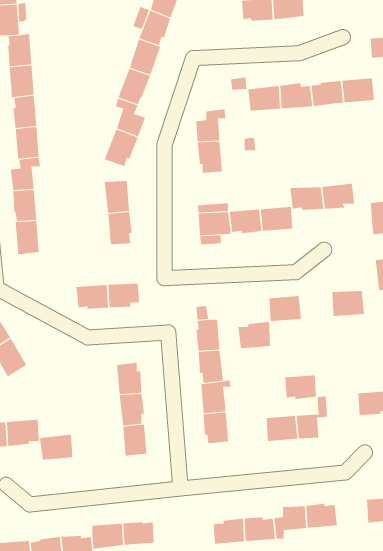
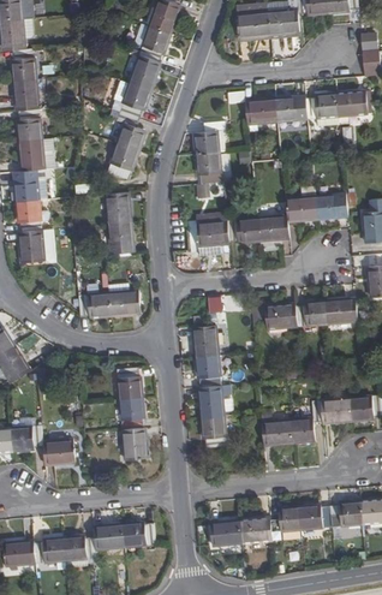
building: [238,322,271,349] -> [294,299,327,326]
building: [285,375,317,399] -> [321,398,352,422]
building: none -> [329,501,360,526]

